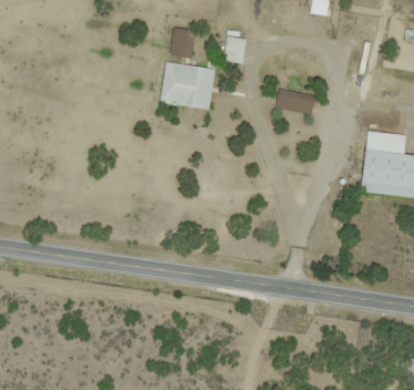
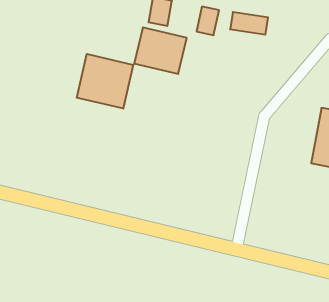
building: [275,91,315,112] -> [230,12,268,35]
building: none -> [77,54,133,109]

